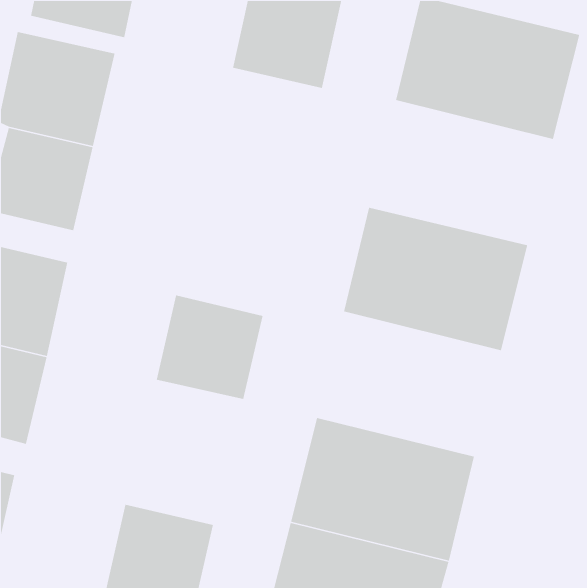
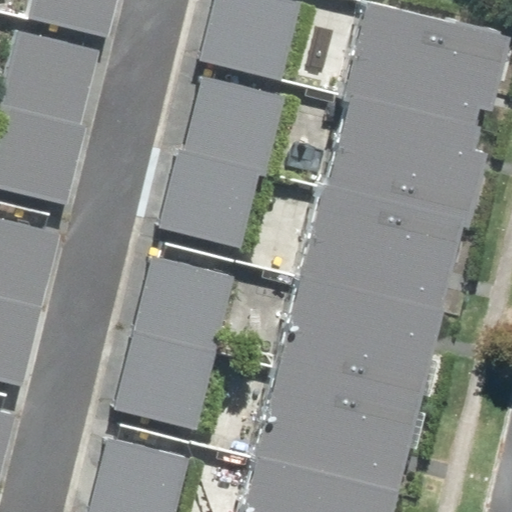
building: none -> [186,78,282,168]
building: none -> [322,89,482,214]
building: none -> [163,155,255,245]
building: none -> [277,272,437,397]
building: none -> [118,334,213,429]

